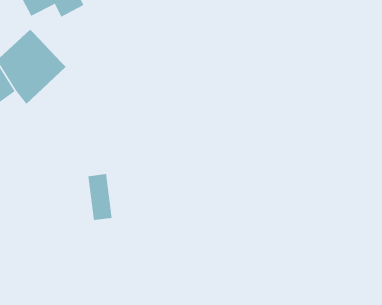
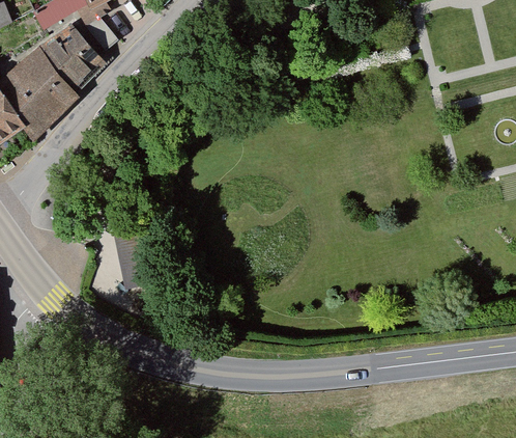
building: none -> [49,21,110,82]

